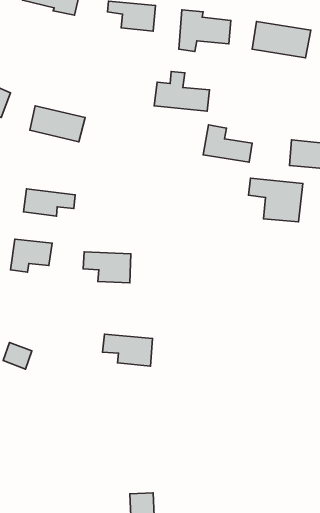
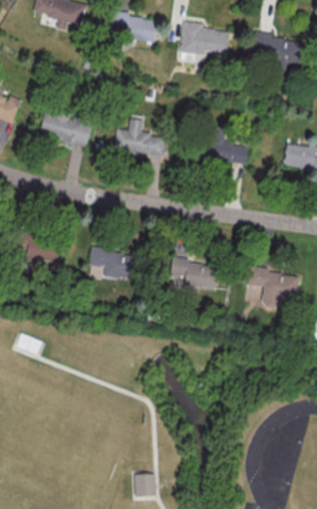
building: [154,72,209,111] -> [113,118,166,156]
building: [248,178,303,222] -> [247,268,298,309]
building: [23,189,75,216] -> none
building: [102,334,152,366] -> [170,259,217,289]

